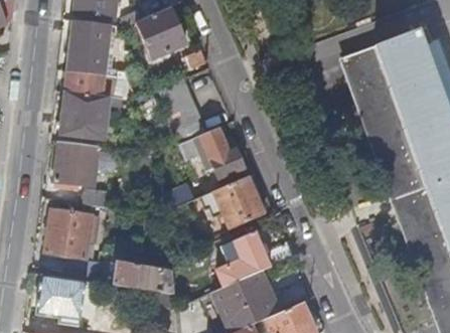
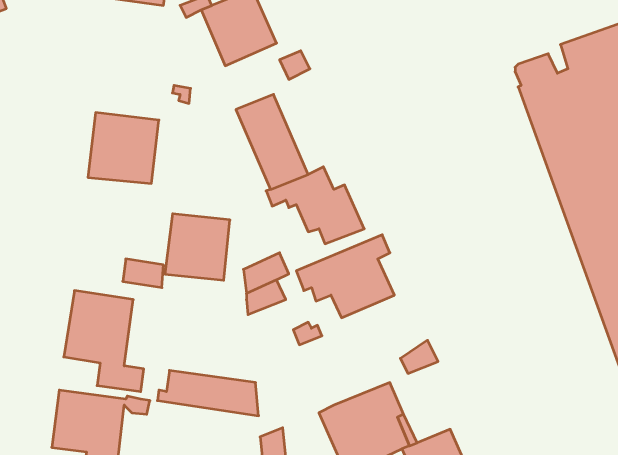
building: [65,20,113,97] -> none
building: [55,141,99,185] -> [165,214,230,280]
building: [217,231,270,286] -> none

